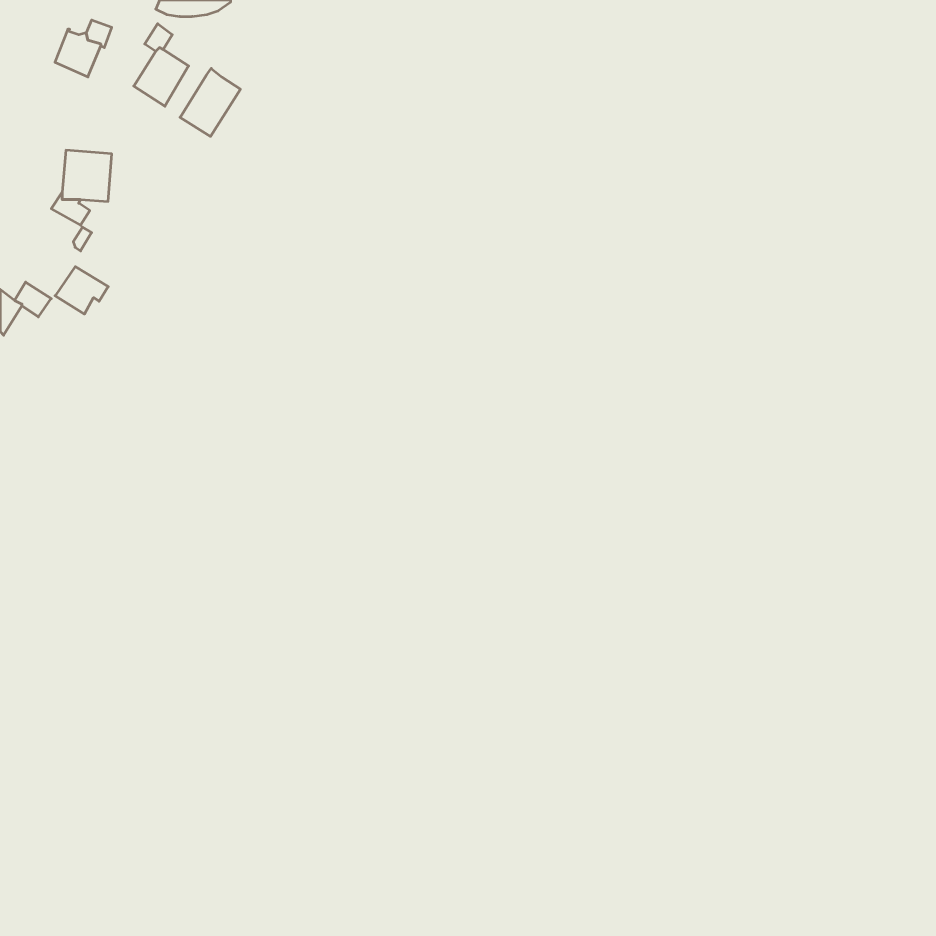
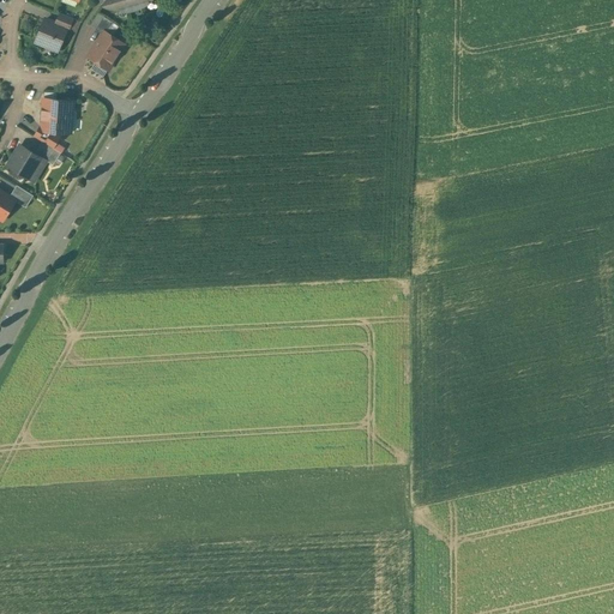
building: [180,68,240,136] -> none
building: [55,267,108,314] -> [7,145,42,176]

